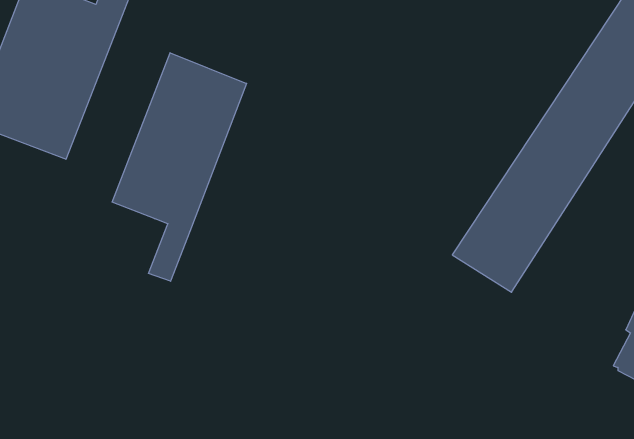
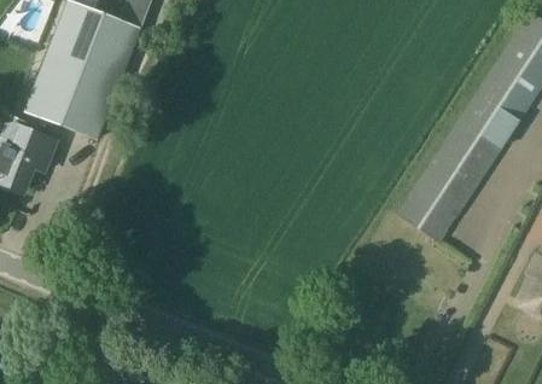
building: [112,53,247,281] -> none

